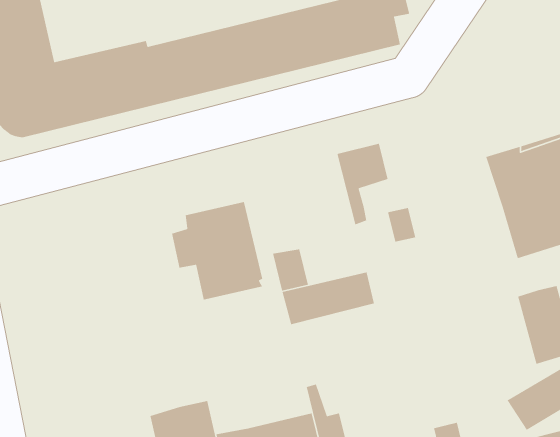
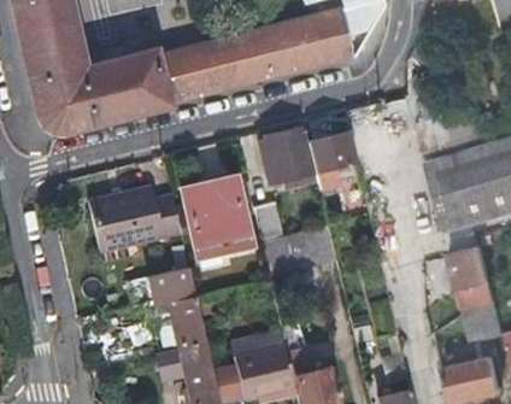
building: none -> [257,129,309,182]
building: none -> [90,188,181,251]
building: none -> [151,267,204,342]

